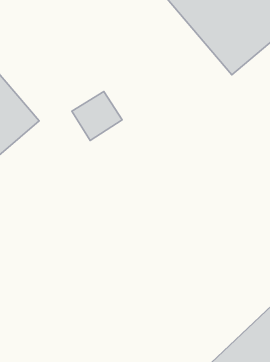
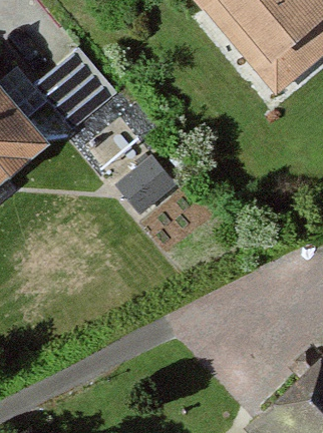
building: none -> [33,40,117,125]

